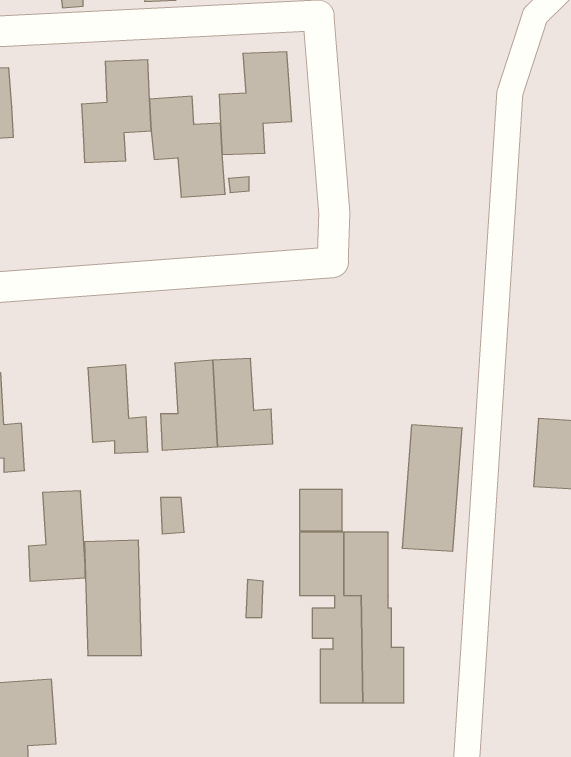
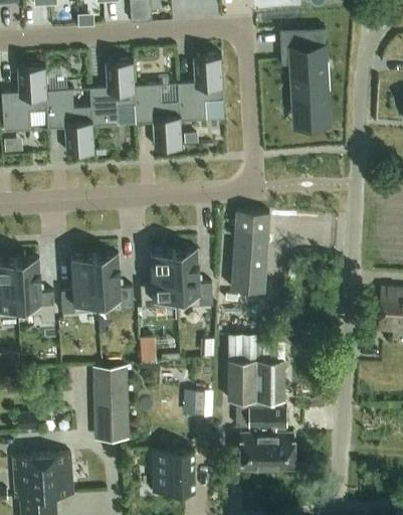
building: none -> [278,28,332,132]
building: none -> [46,90,93,153]
building: [402,425,462,551] -> [231,211,269,292]
building: [28,491,85,581] -> [61,256,97,314]
building: none -> [152,451,196,493]

